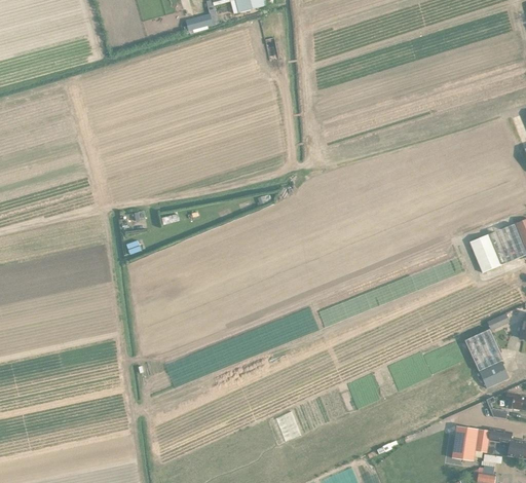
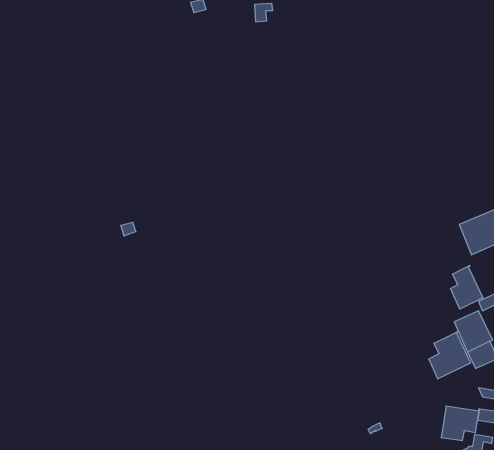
building: none -> [450,265,483,309]
building: none -> [429,331,471,379]

